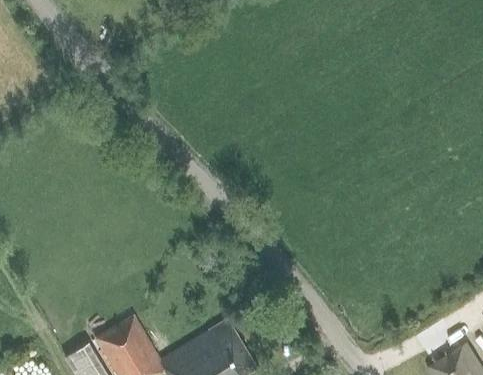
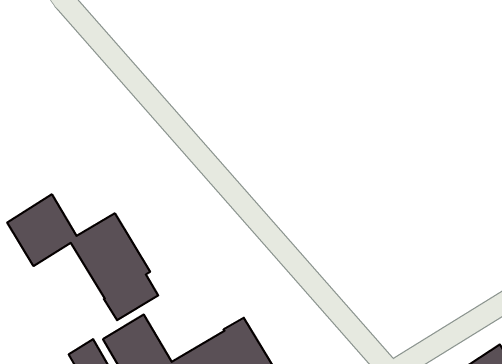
building: none -> [7,194,158,320]

